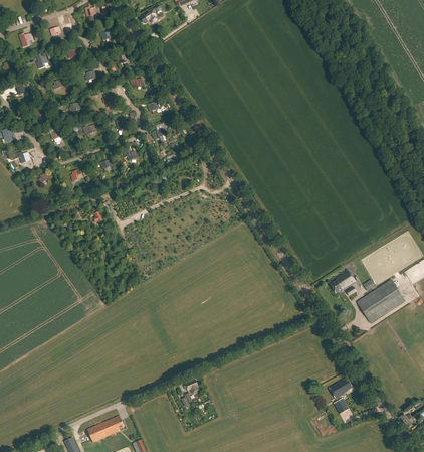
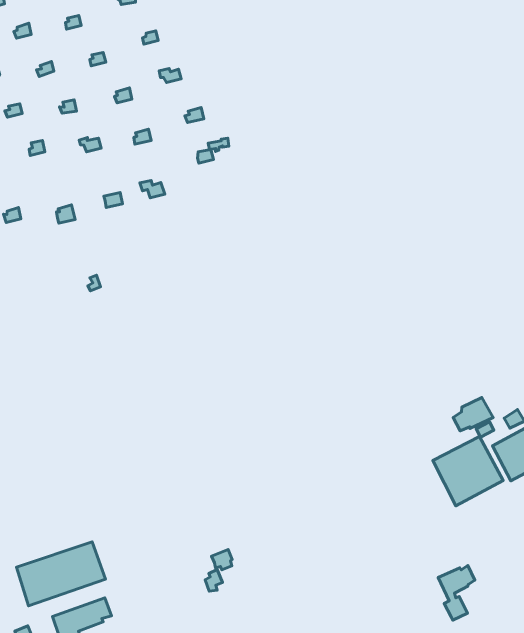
building: none -> [433,437,503,506]
building: none -> [17,542,105,606]

